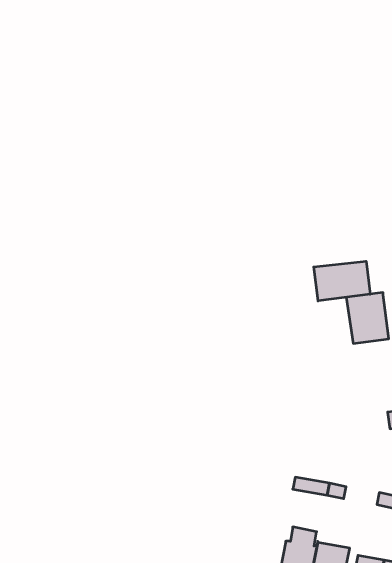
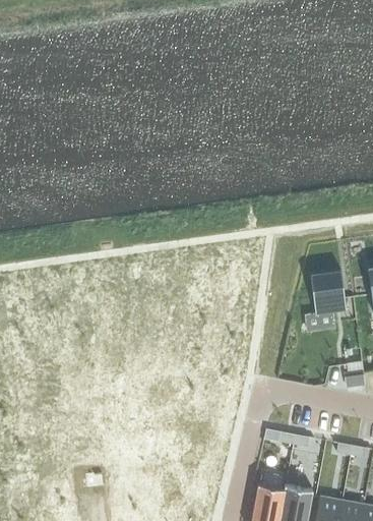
building: [314,261,370,301] -> none

